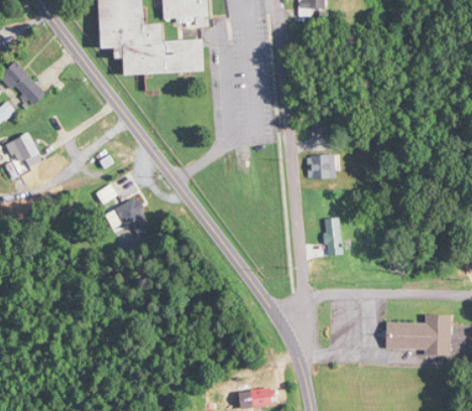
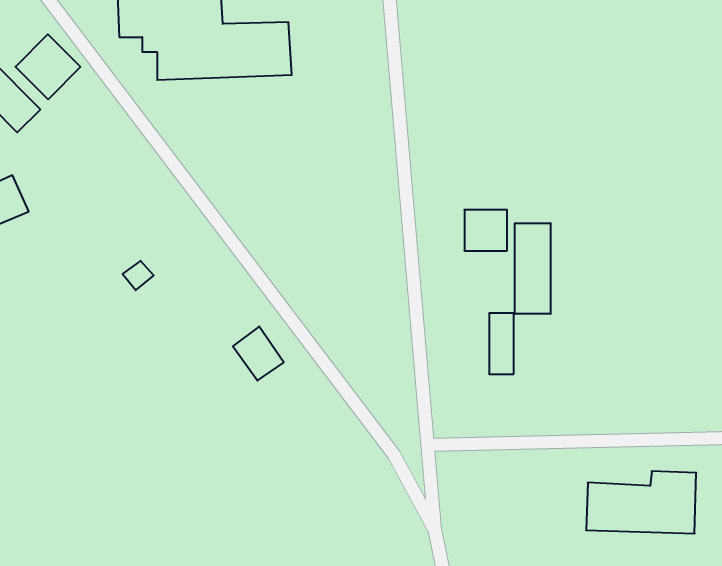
building: none -> [15,34,80,99]
building: none -> [515,223,551,314]
building: [117,198,148,232] -> [233,326,284,381]

